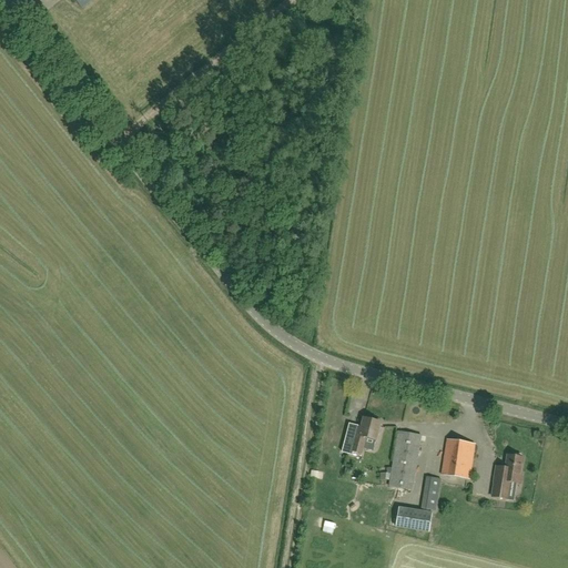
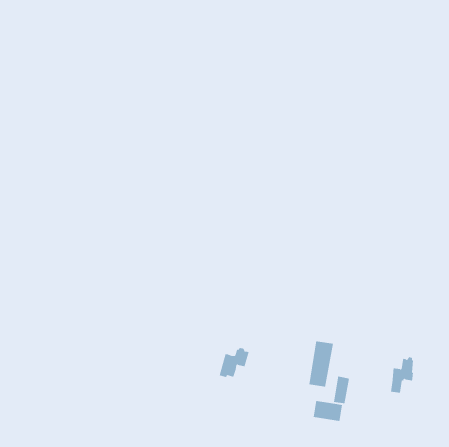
building: [342,415,381,453] -> [219,348,250,377]
building: [442,439,475,478] -> none

